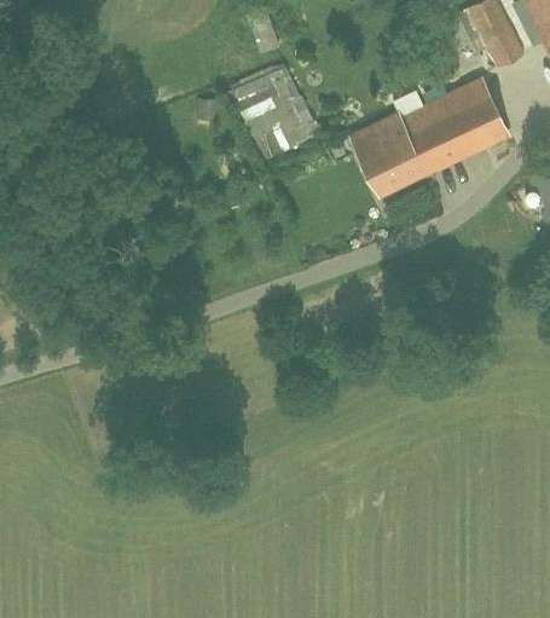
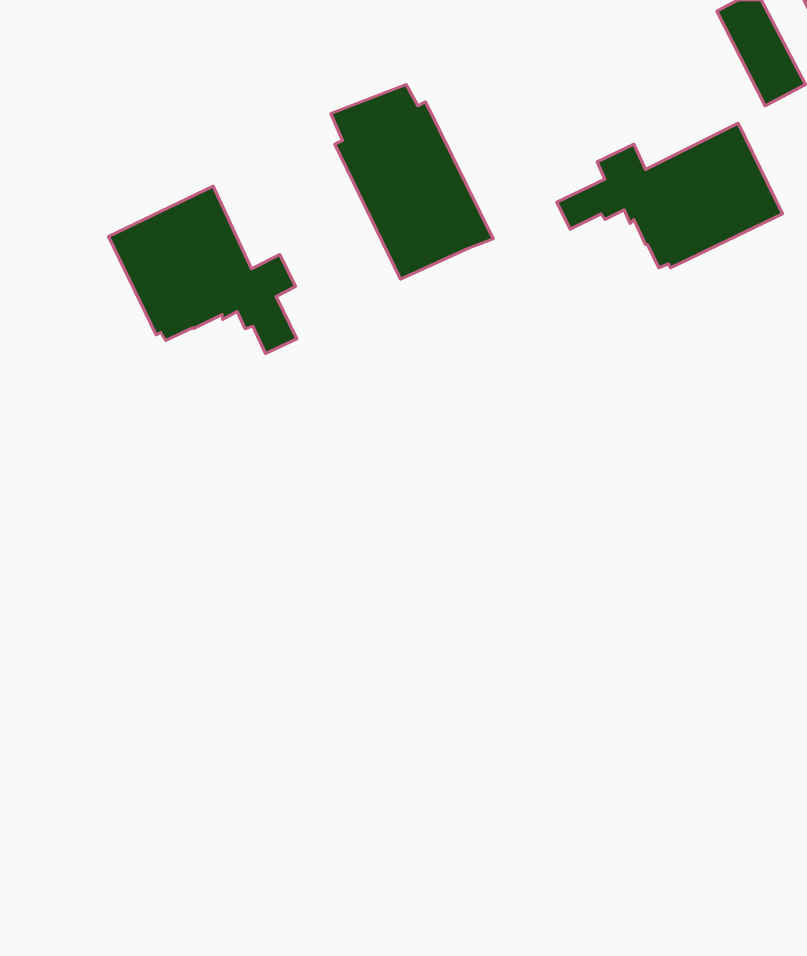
building: none -> [109,186,297,354]
building: [351,128,433,196] -> none

